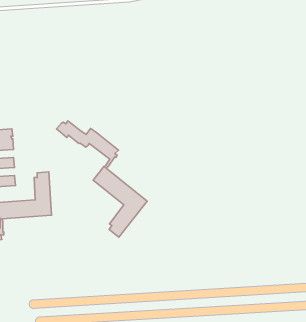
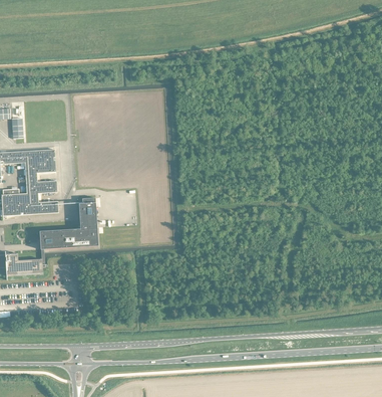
building: [56,121,147,237] -> none

